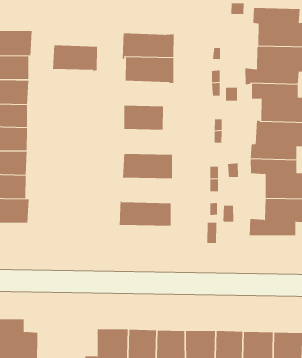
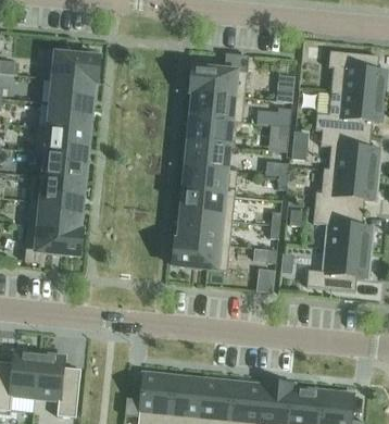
building: [52,45,98,71] -> [188,115,237,146]
building: none -> [184,165,237,196]
building: none -> [178,215,233,246]

